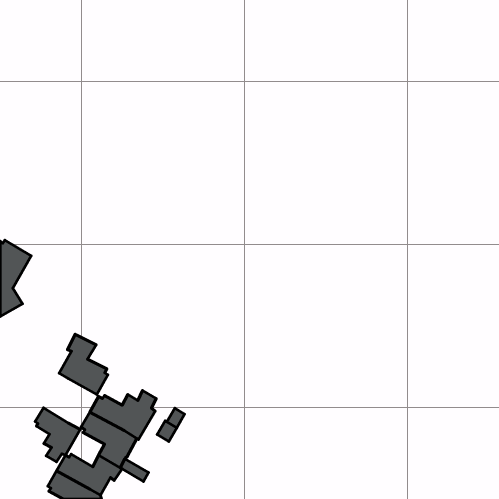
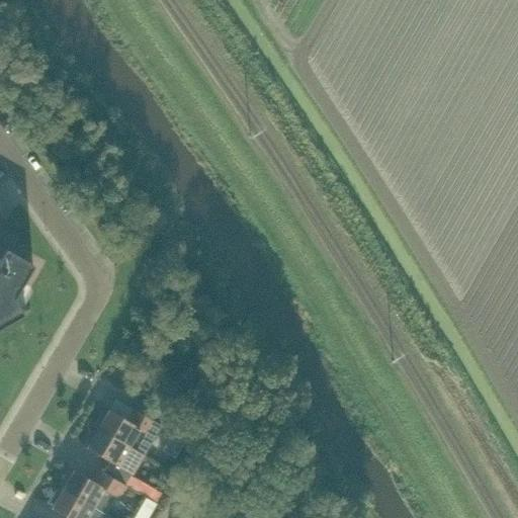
building: [59,334,108,395] -> none
building: [35,408,80,462] -> none

